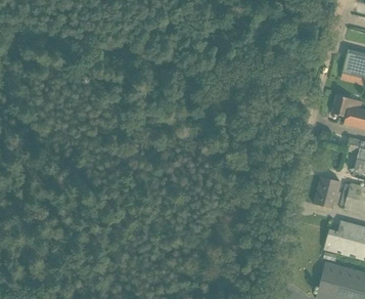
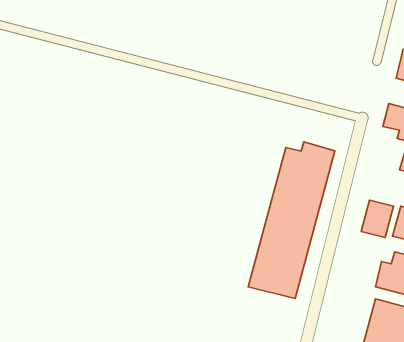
building: none -> [248,142,335,298]

